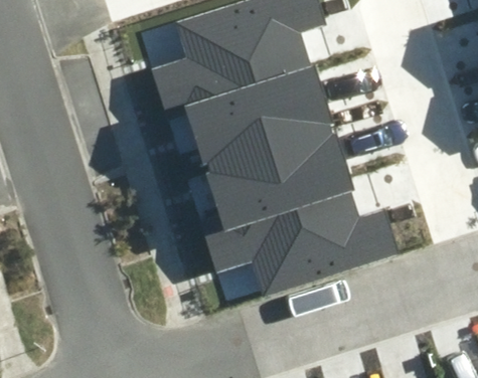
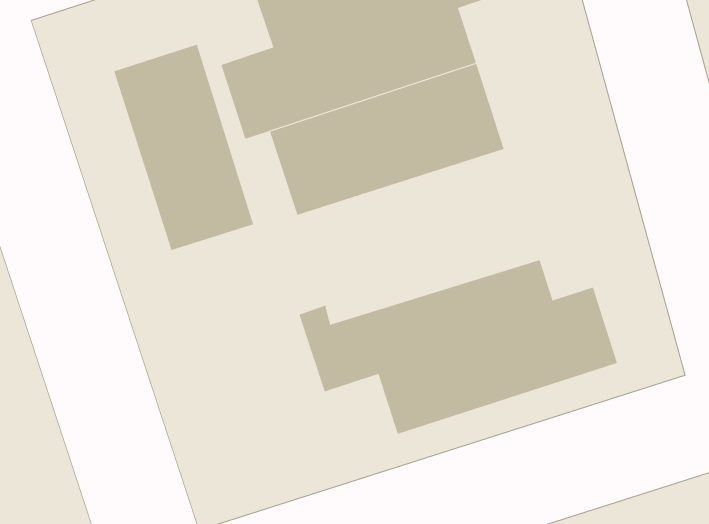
building: none -> [113,44,254,251]
building: [200,121,351,229] -> none

